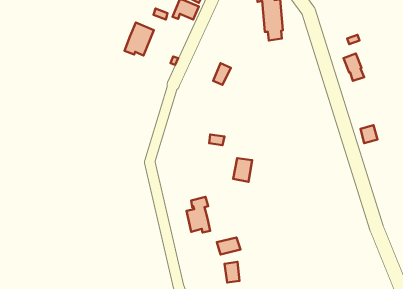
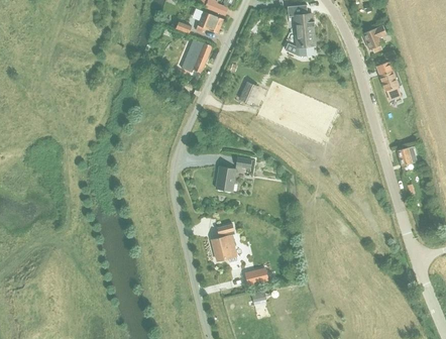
building: none -> [361,25,385,52]
building: [125,22,154,55] -> [182,38,213,74]
building: [233,158,252,182] -> [215,166,235,192]

